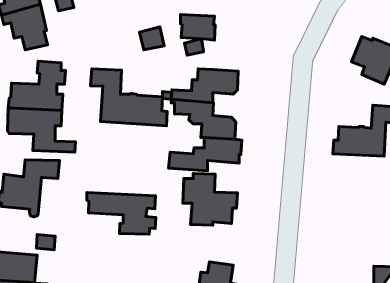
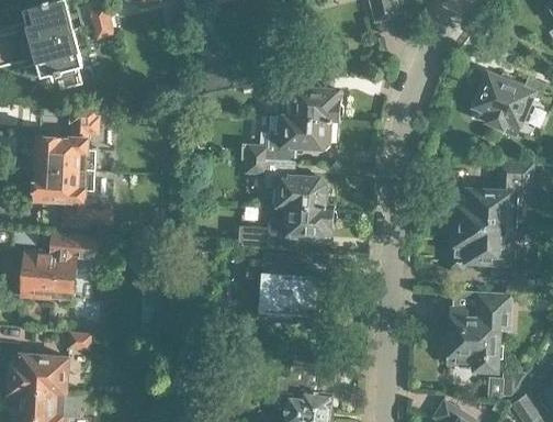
building: [180,15,215,40] -> [293,88,338,121]
building: [91,69,167,126] -> none
building: none -> [448,226,515,275]
building: [87,192,156,234] -> none
building: none -> [443,291,507,370]

